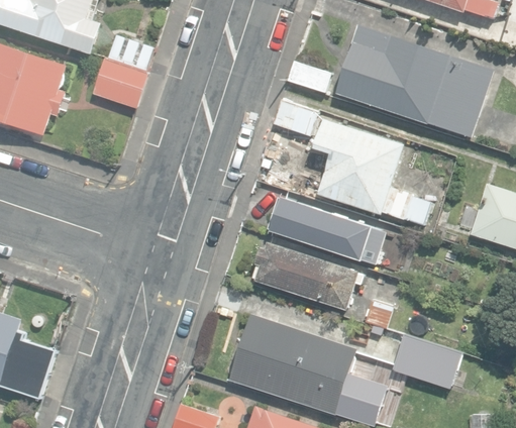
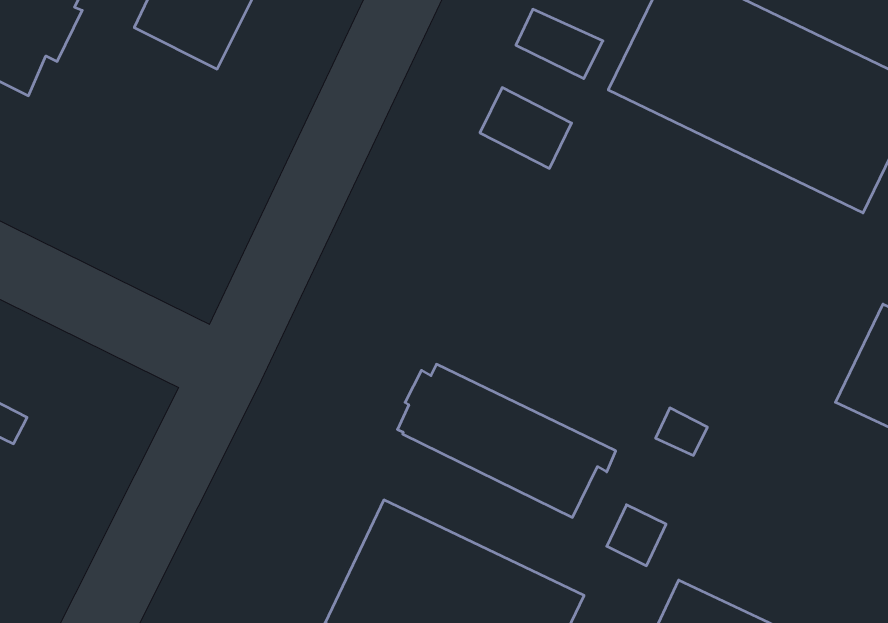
building: [303,118,427,225] -> none
building: [267,195,379,264] -> none

